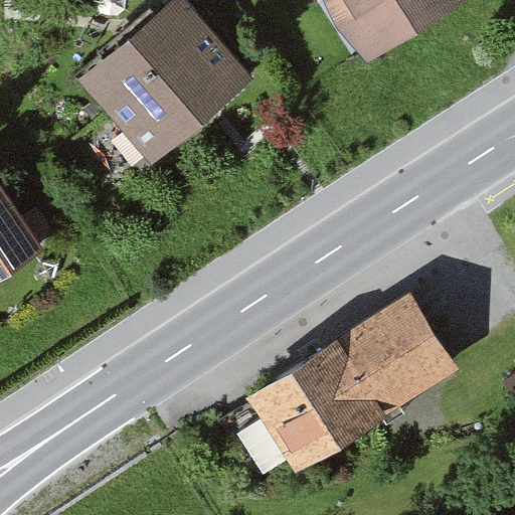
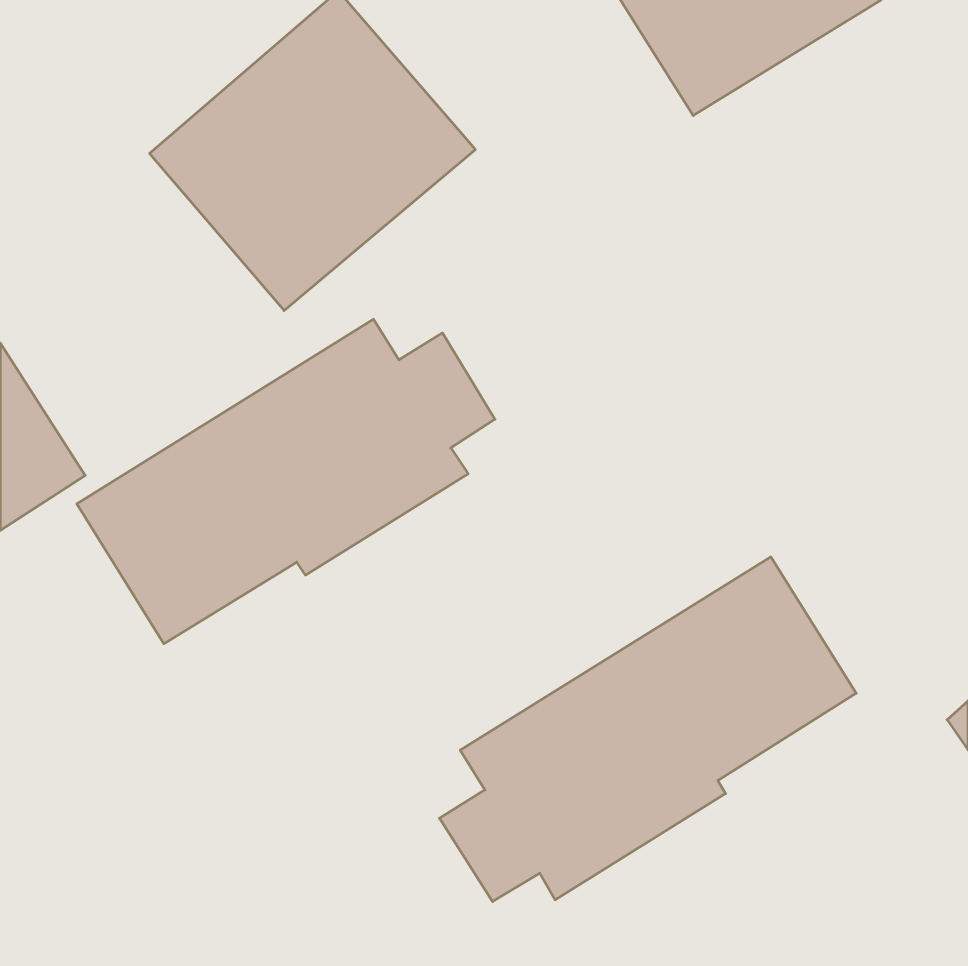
building: none -> [77,319,495,644]

